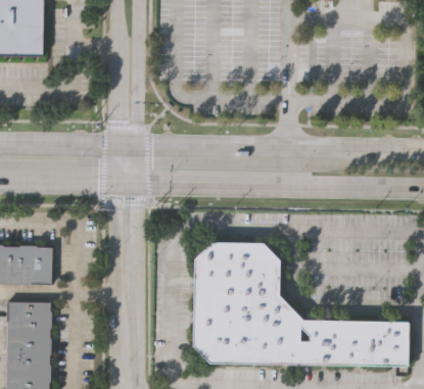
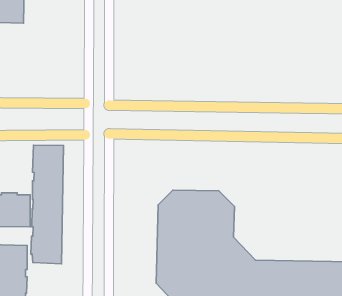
building: none -> [31,145,64,264]

